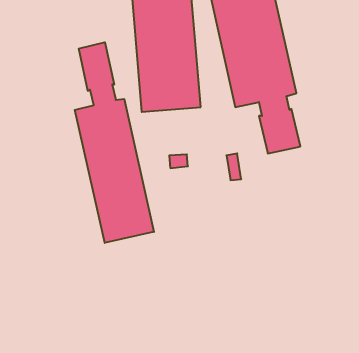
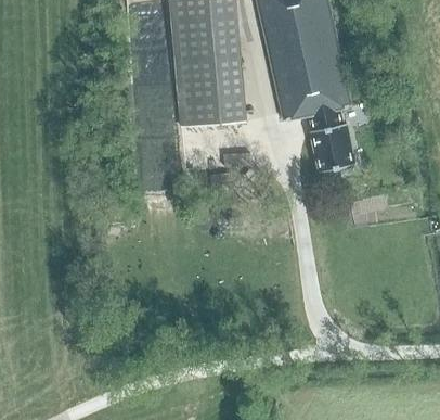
building: [75,42,154,243] -> none

